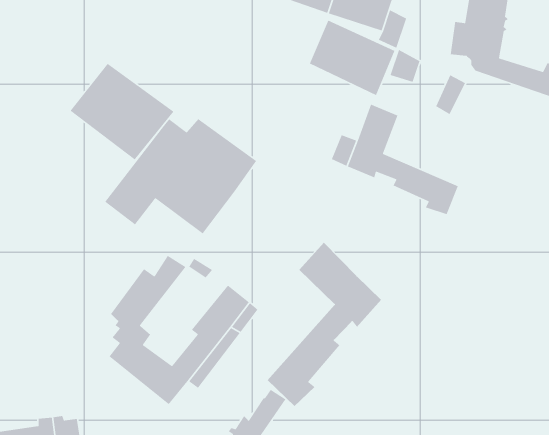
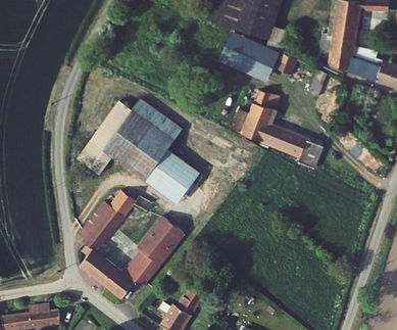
building: [70,63,174,161] -> none
building: none -> [145,150,199,203]
building: [267,242,382,407] -> none

